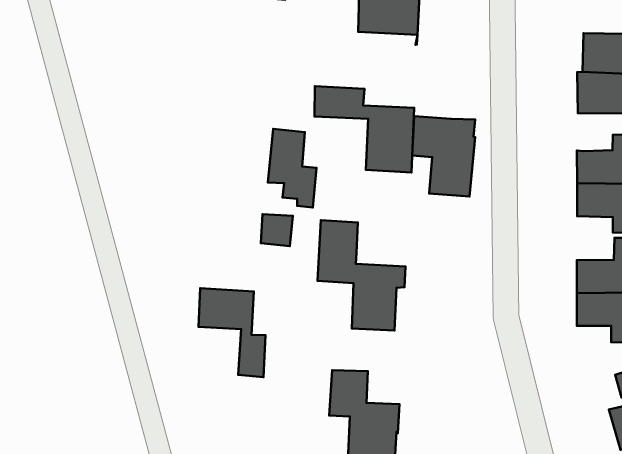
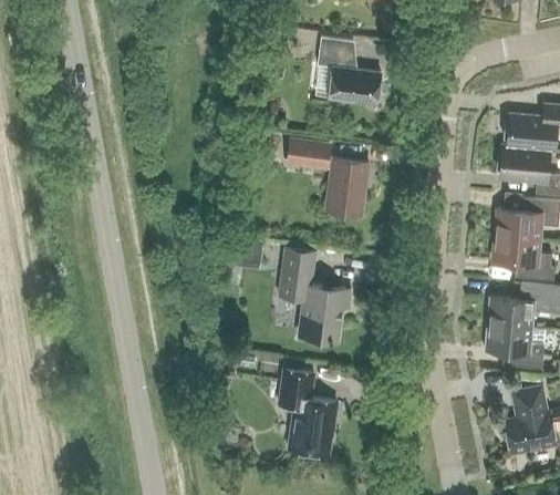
building: [412,116,475,196] -> none
building: [268,129,317,207] -> none
building: [199,288,265,377] -> none

